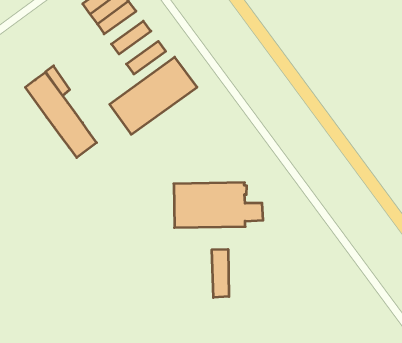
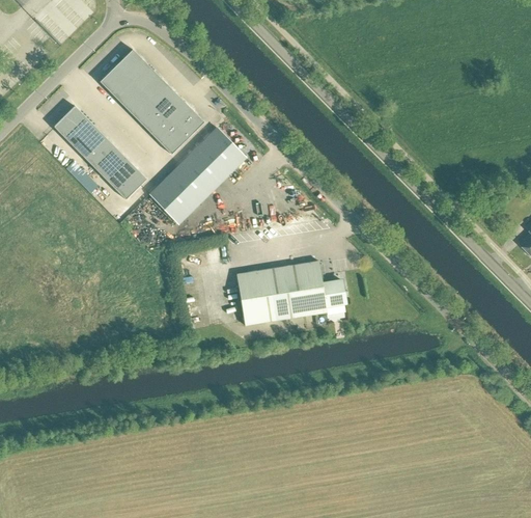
building: none -> [130,80,173,122]
building: none -> [150,101,194,143]
building: [25,72,97,158] -> [54,106,146,199]
building: [212,249,229,298] -> none

